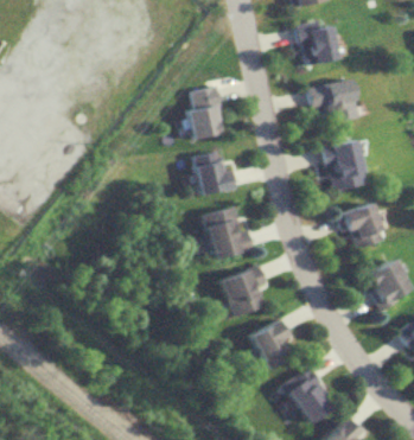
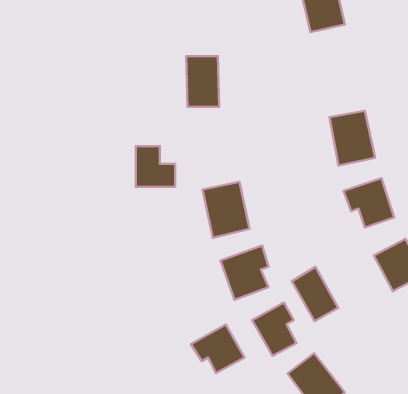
building: [306,79,357,123] -> none
building: [197,154,234,192] -> [136,146,175,187]
building: none -> [292,267,338,321]
building: none -> [191,325,245,373]

